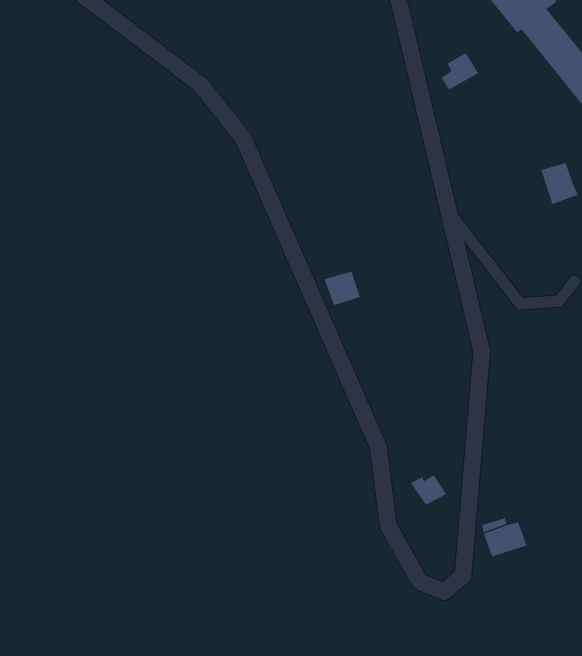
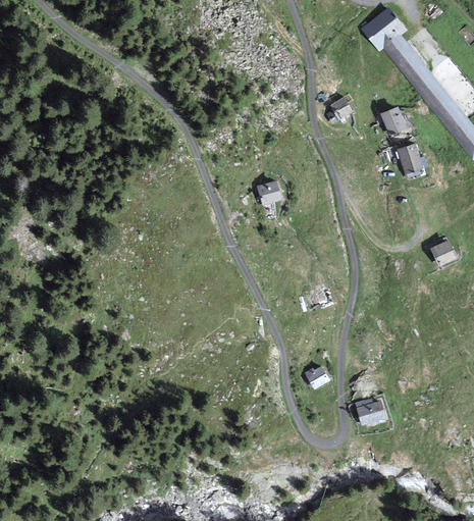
building: [440,52,479,91] -> [326,96,354,123]
building: none -> [380,106,407,136]
building: [324,270,361,306] -> [256,179,282,205]

